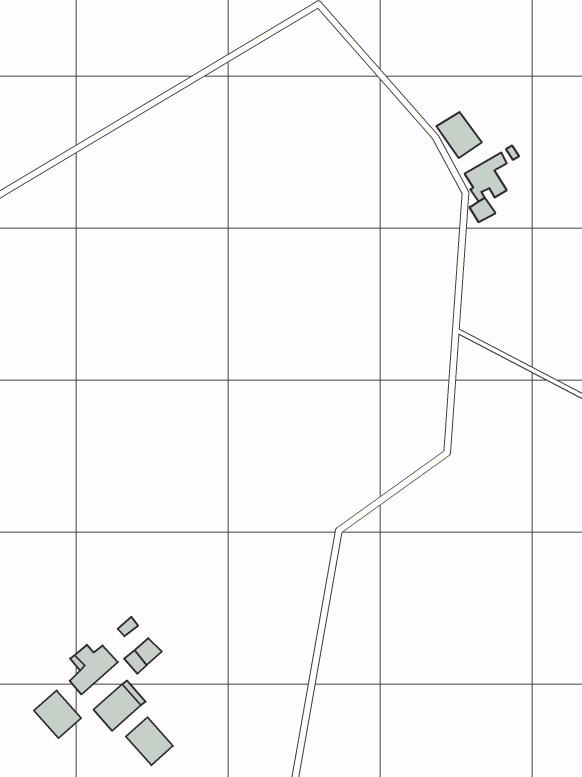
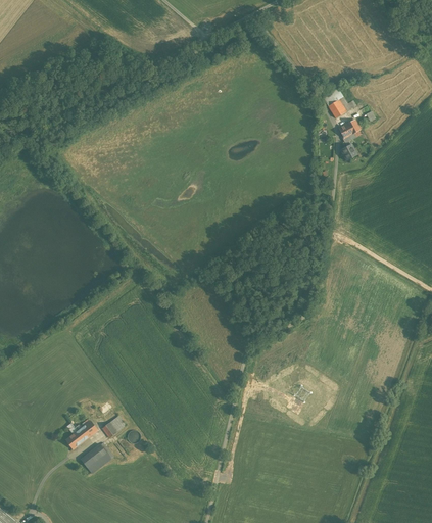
building: [34,690,81,738] -> none
building: [126,717,173,765] -> none

